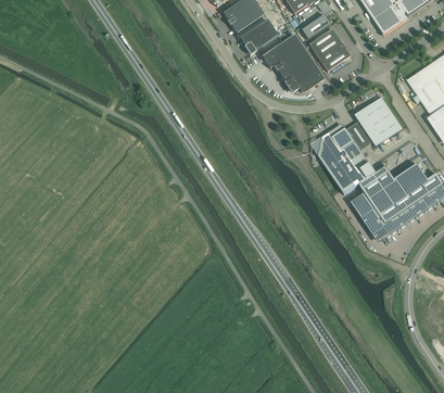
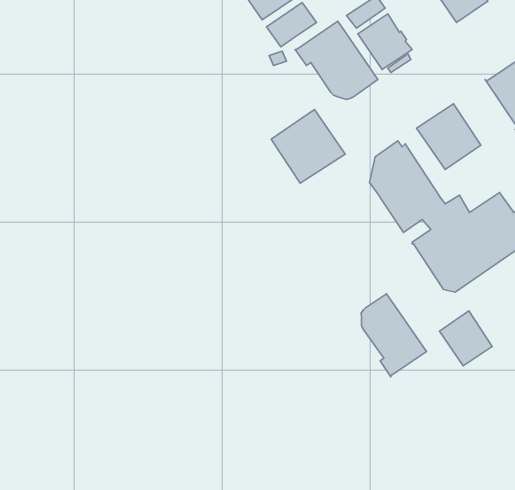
building: none -> [271,110,345,183]
building: none -> [361,294,426,377]
building: none -> [439,311,492,366]

